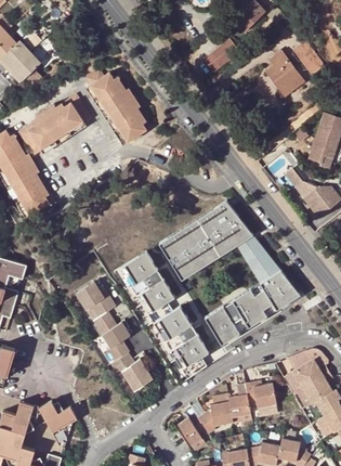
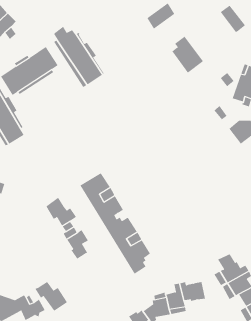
building: [266,52,306,99] -> [172,36,204,73]
building: [159,202,300,344] -> none
building: [112,351,153,389] -> [35,281,68,312]

